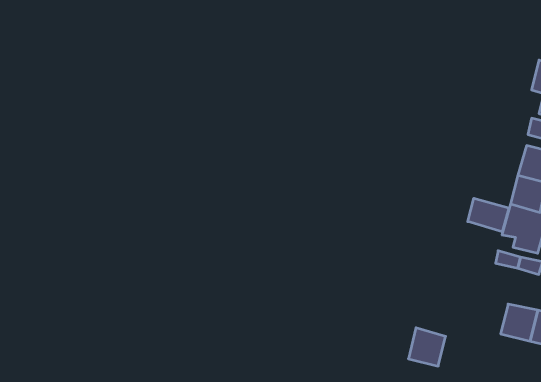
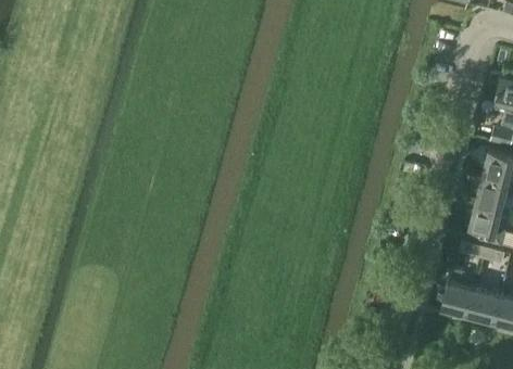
building: [468,198,509,232] -> none
building: [408,328,446,366] -> [441,283,474,317]

